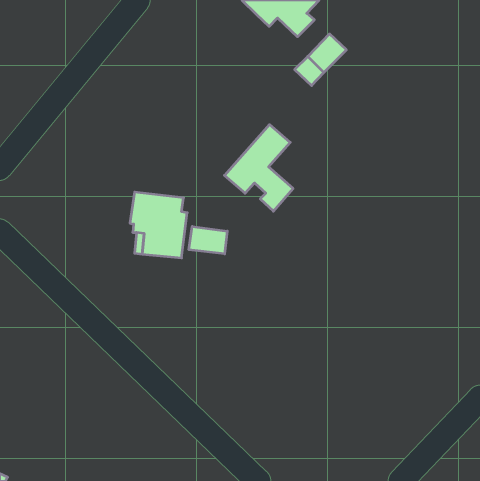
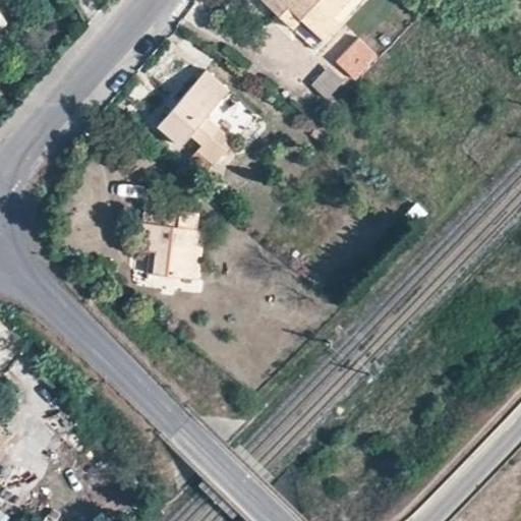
building: [224,125,293,211] -> [158,72,232,166]
building: [189,226,227,254] -> none

